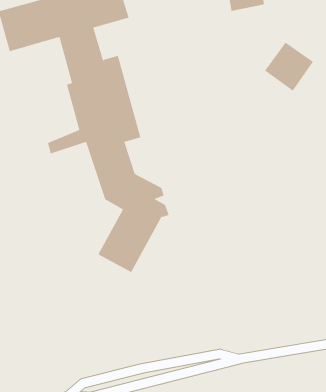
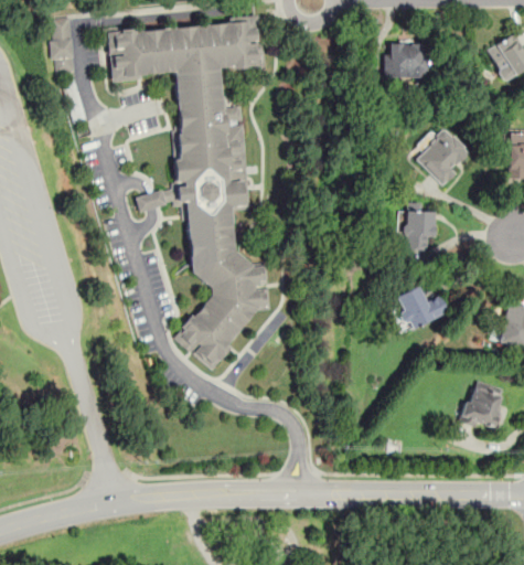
building: none -> [403,203,434,249]
building: none -> [395,286,449,331]

